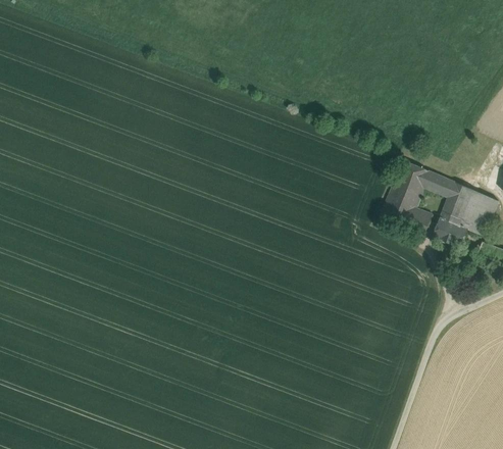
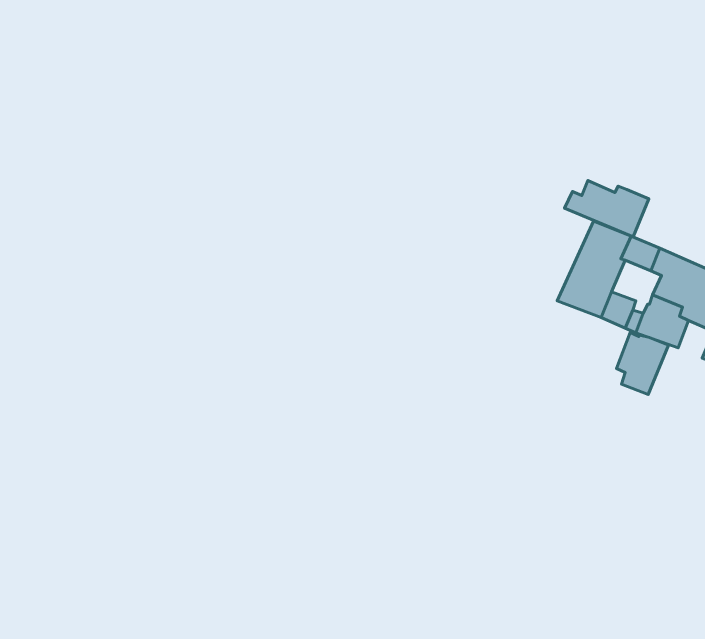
building: none -> [565,180,649,237]
building: none -> [617,332,669,394]

